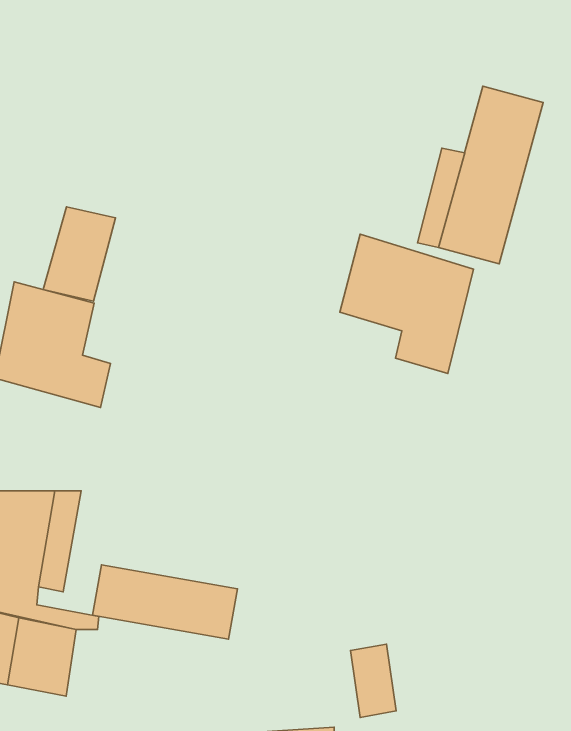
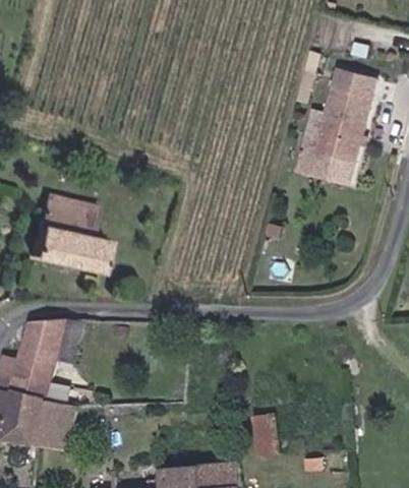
building: [43,207,116,301] -> none
building: [340,234,473,374] -> none
building: [92,565,237,639] -> none

